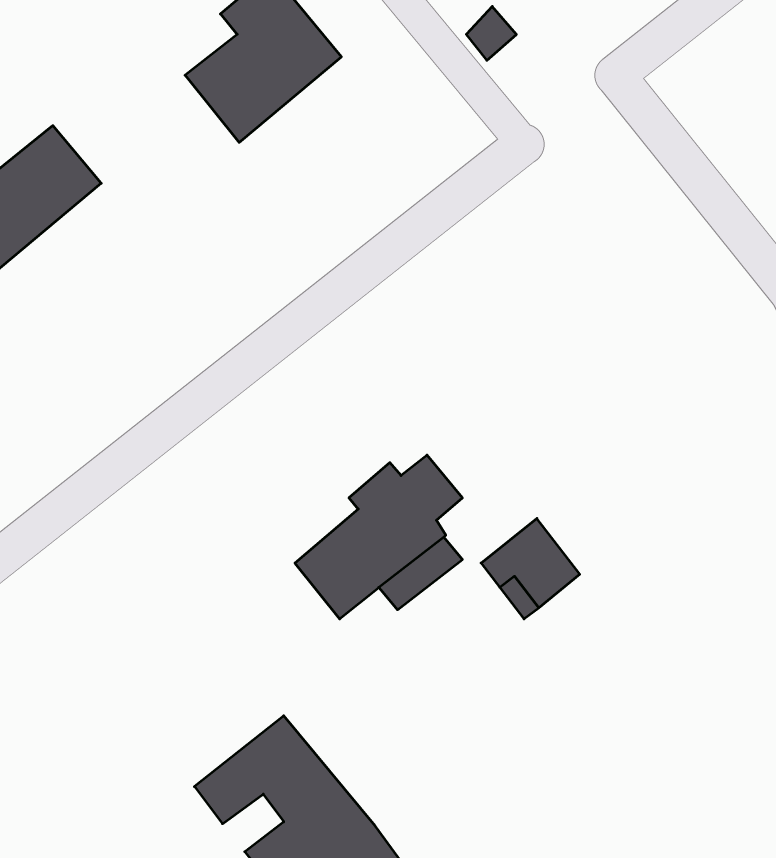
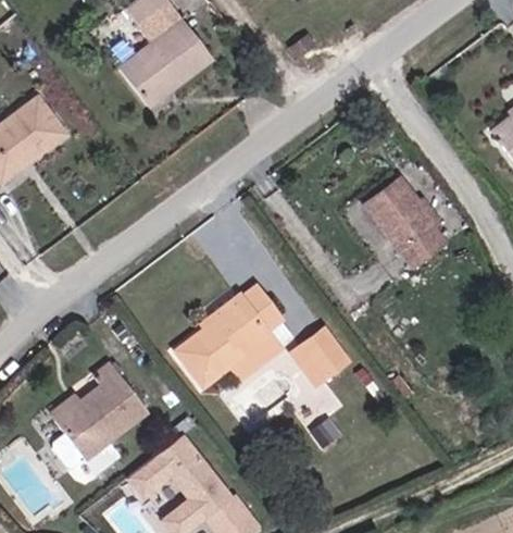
building: none -> [363,173,446,261]
building: none -> [59,361,150,458]

